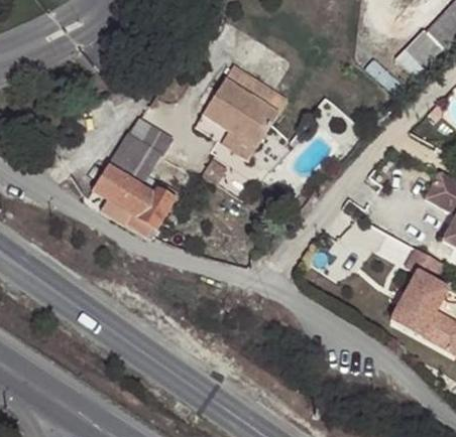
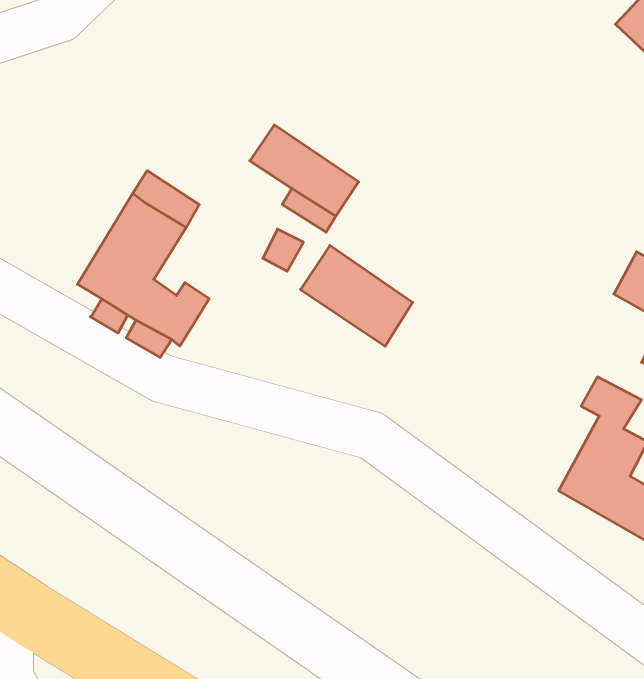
building: [394,30,440,76] -> none
building: [215,64,284,127] -> [300,245,413,346]

